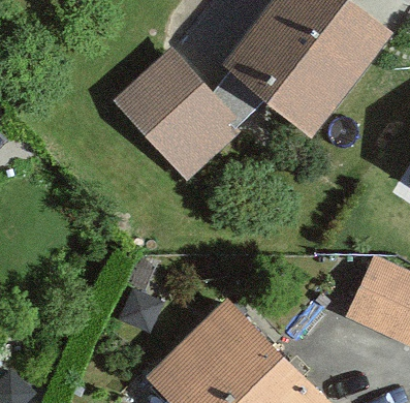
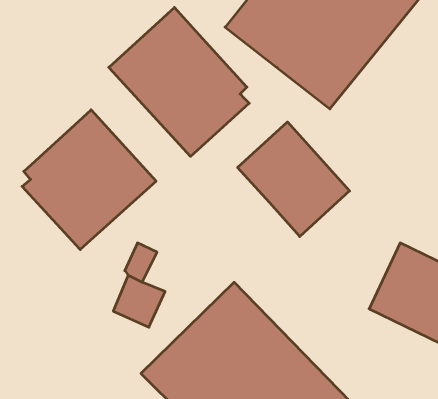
building: none -> [22,110,156,250]
building: none -> [238,122,350,237]

